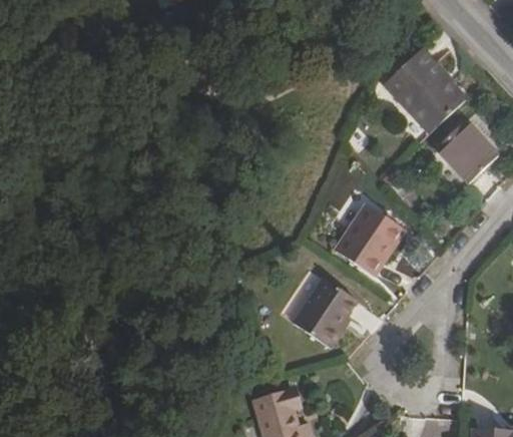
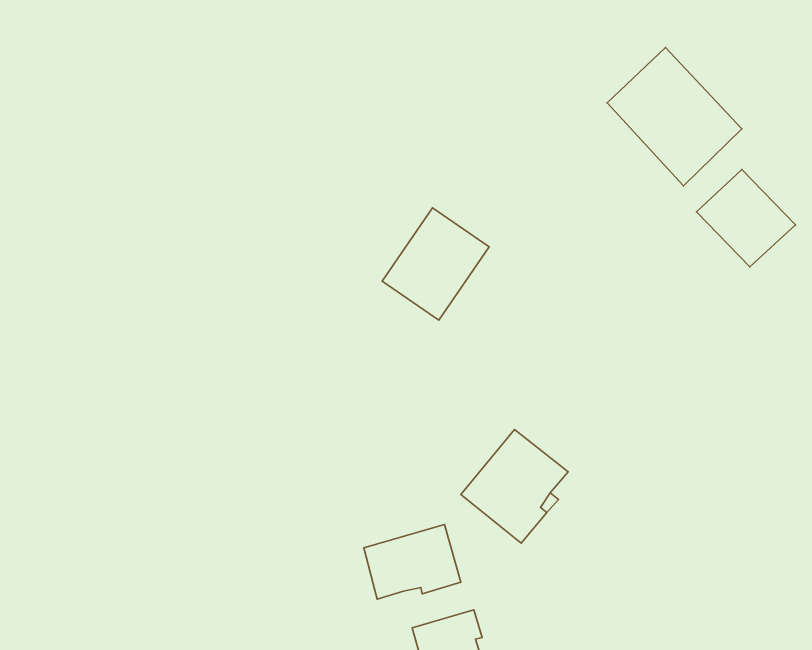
building: [333,202,399,272] -> [382,208,489,320]
building: none -> [364,525,461,599]

